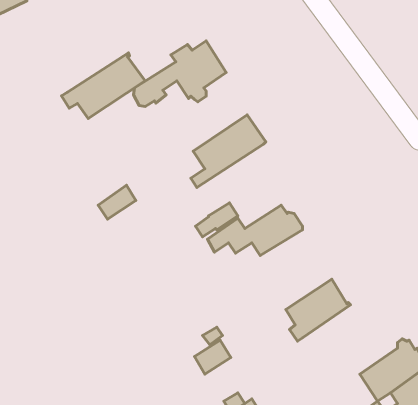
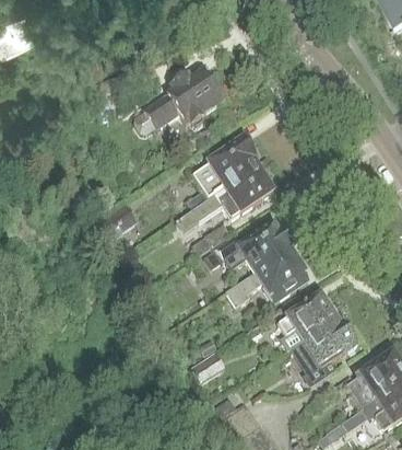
building: [61,53,145,118] -> none
building: none -> [194,168,272,219]
building: none -> [227,247,306,305]
building: none -> [293,318,357,386]

